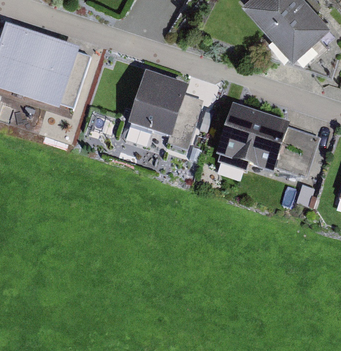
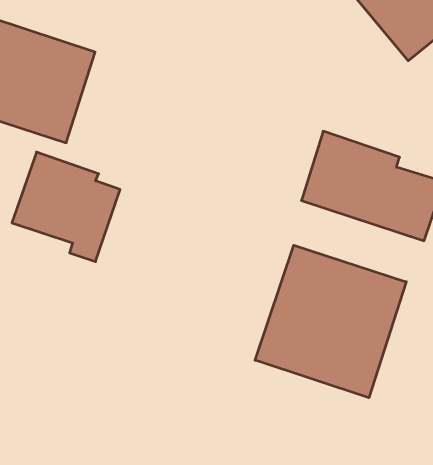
building: [130,73,205,149] -> [12,152,120,262]
building: none -> [255,245,406,398]

